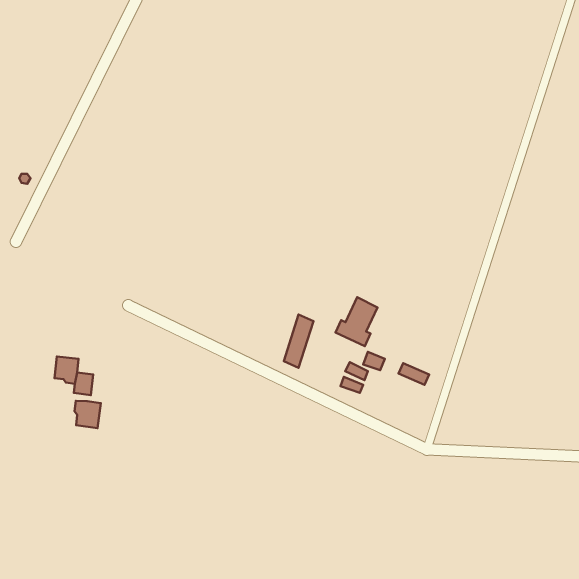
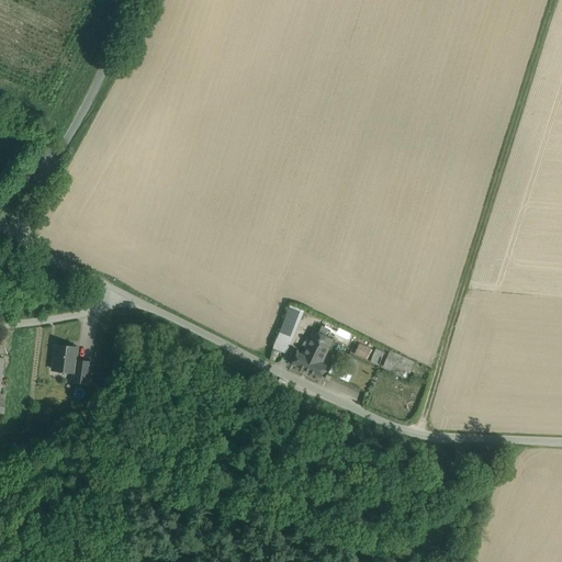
building: [335,297,377,346] -> [291,329,331,376]
building: [75,401,101,428] -> none

